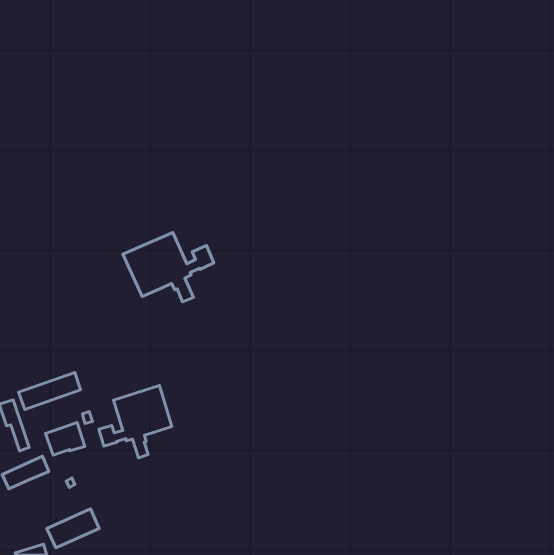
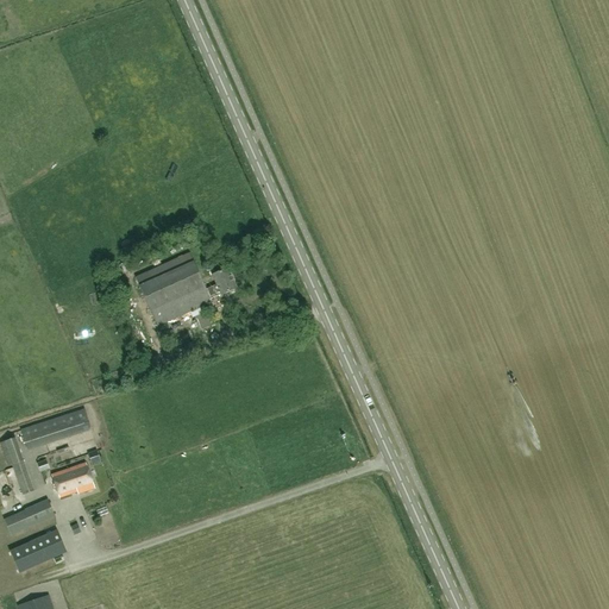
building: [99,385,172,458] -> none
building: [47,509,99,548] -> [8,530,65,573]

